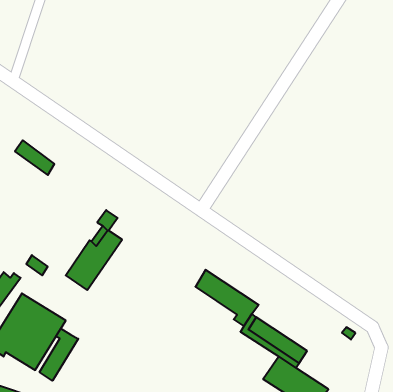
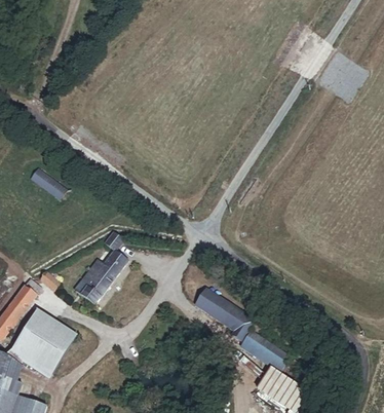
building: [40,328,78,381] -> none

